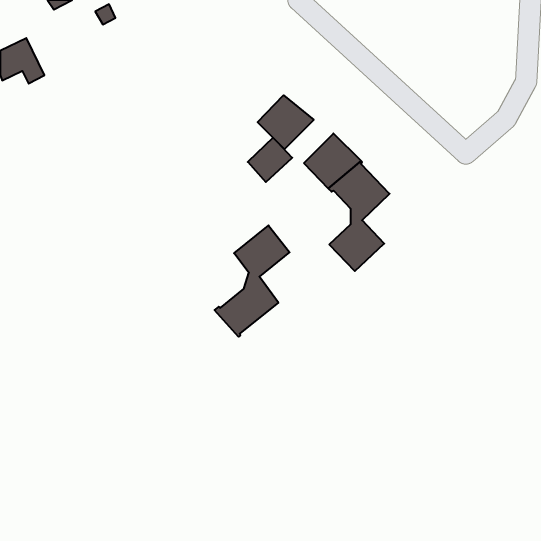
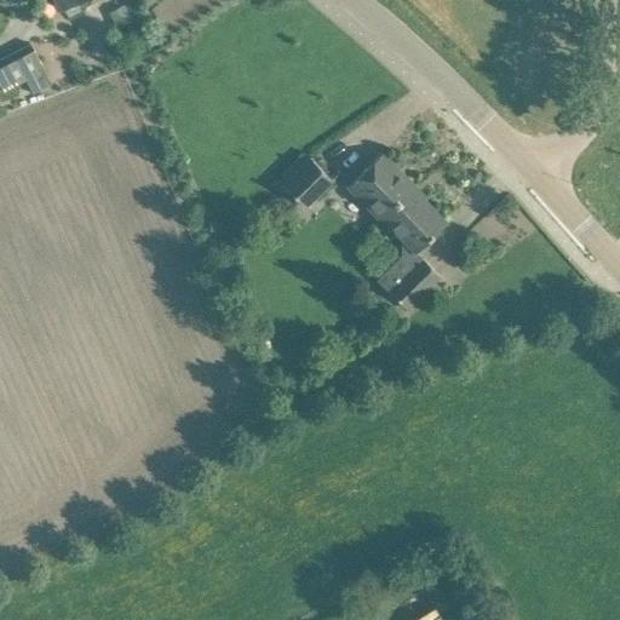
building: [258,95,314,149] -> none
building: [215,225,290,337] -> none

